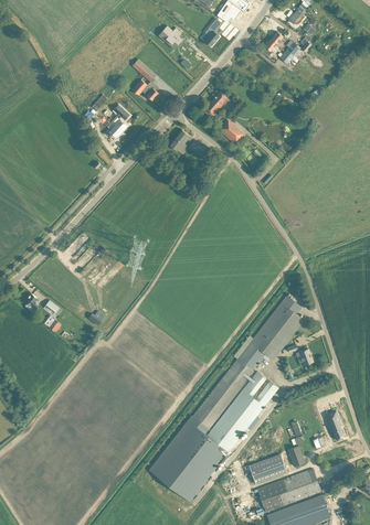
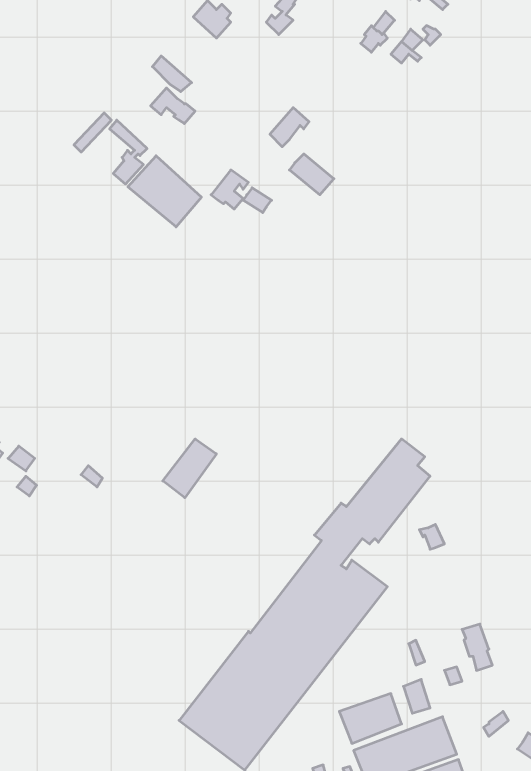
building: none -> [128,156,201,227]
building: none -> [163,439,216,498]

